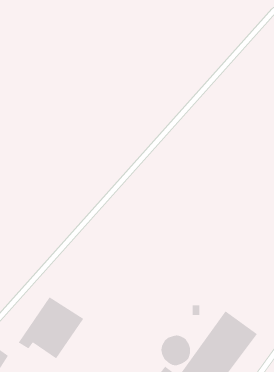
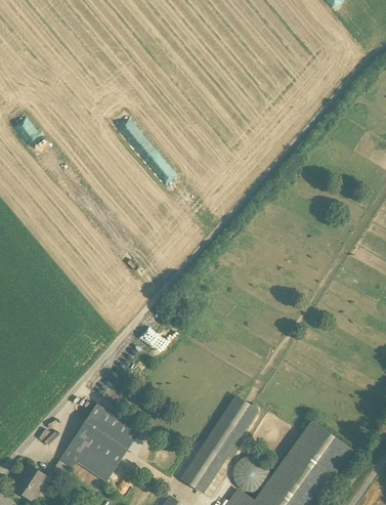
building: none -> [180,396,255,493]

